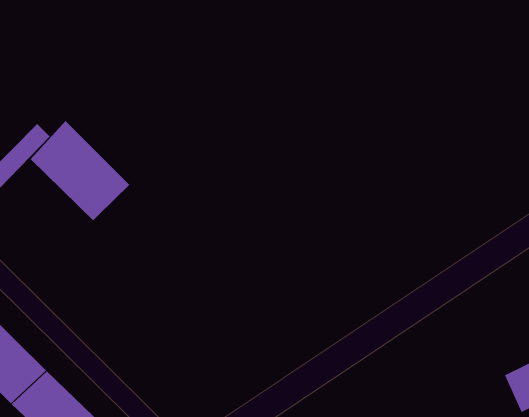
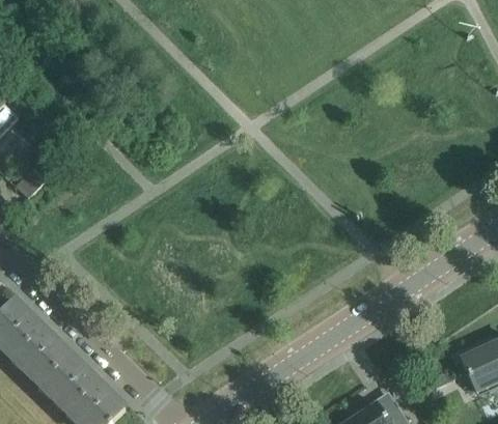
building: [30,120,130,221] -> none

